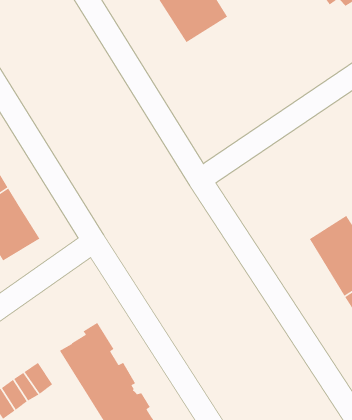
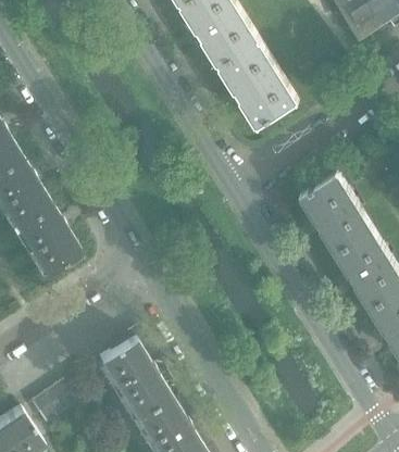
building: none -> [219,41,298,129]
building: none -> [300,173,372,253]

